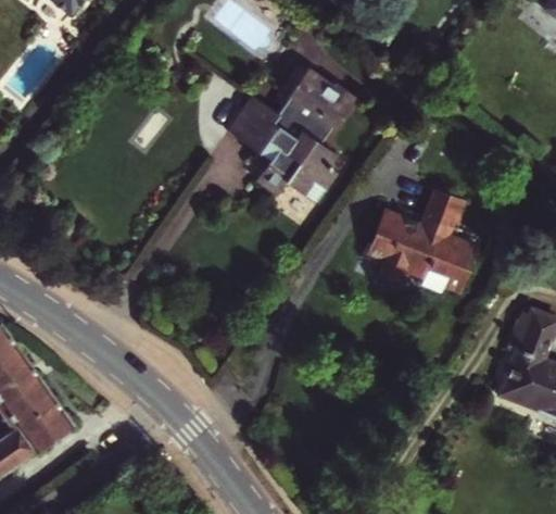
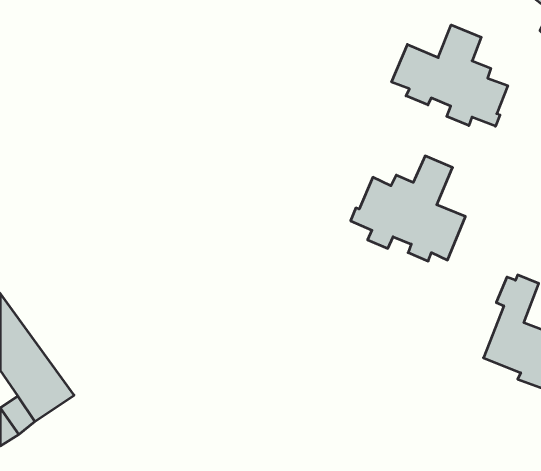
building: none -> [392,25,508,126]
building: [226,68,357,205] -> none

